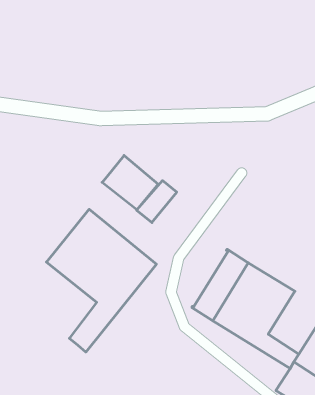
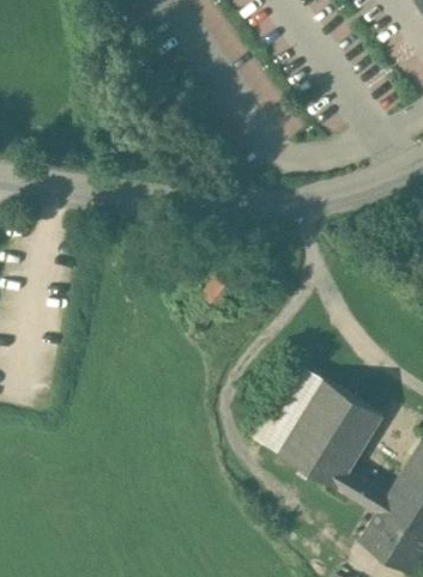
building: [102,155,158,210] -> none
building: [46,209,156,352] -> none

